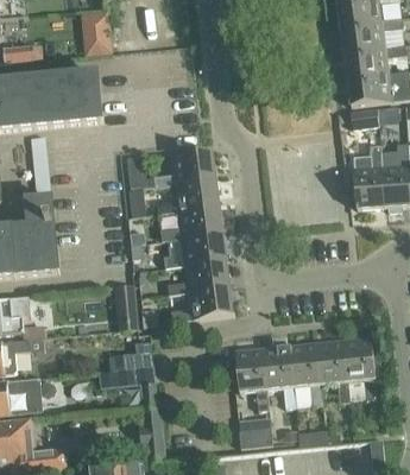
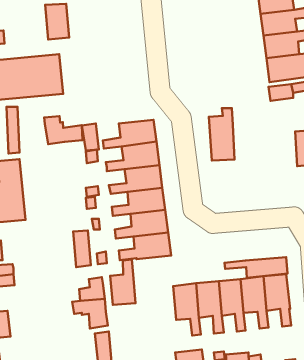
building: [352,145,383,208] -> [209,108,235,161]
building: none -> [44,116,82,144]
building: none -> [224,257,288,278]
building: none -> [110,260,136,305]

